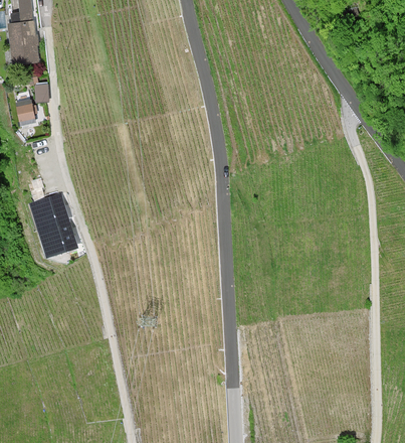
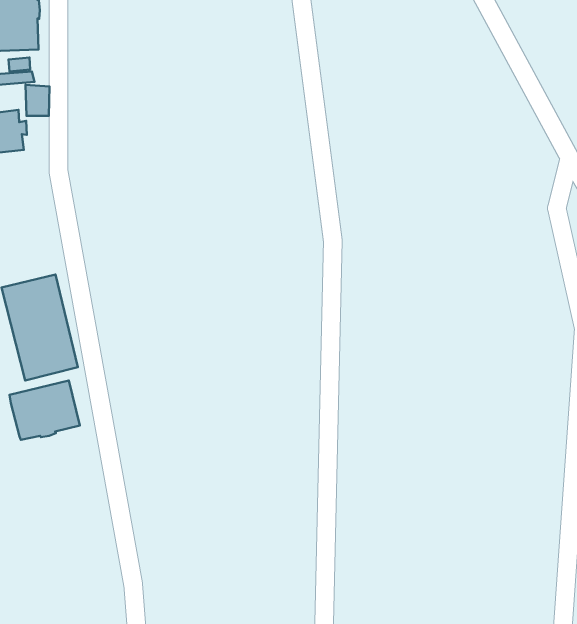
building: none -> [10,381,80,440]

